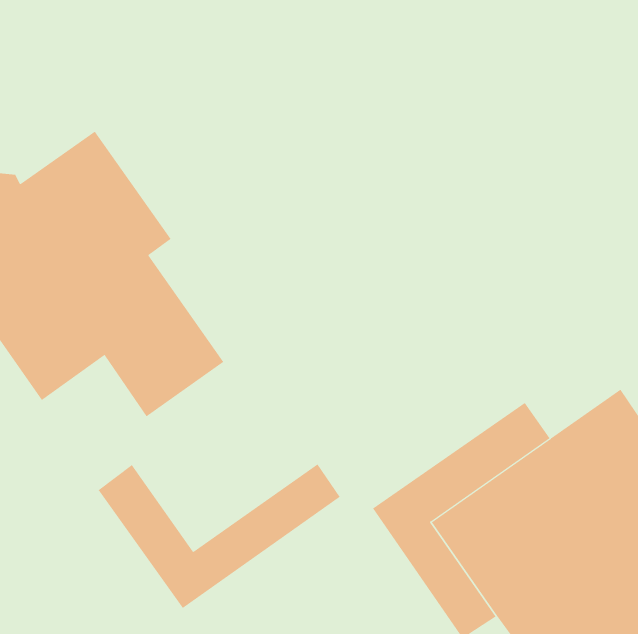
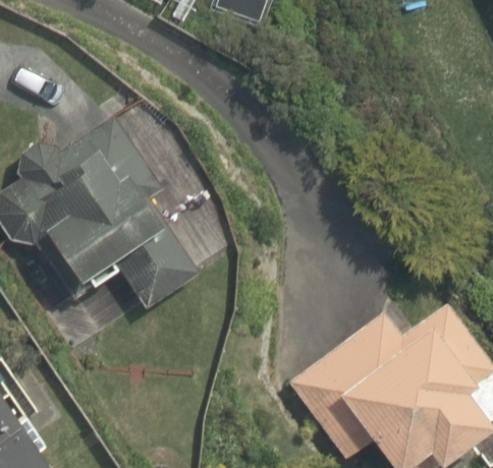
building: [98,464,341,609] -> none

